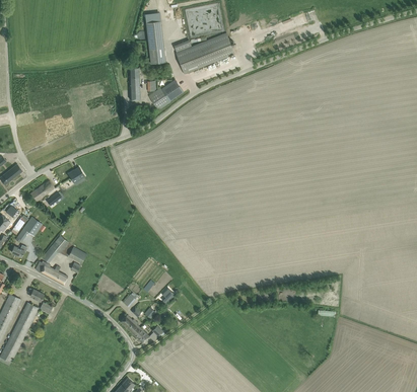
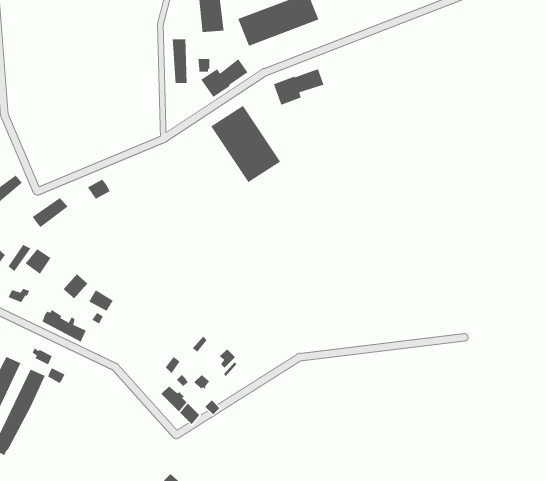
building: none -> [273,68,325,106]
building: none -> [210,105,281,183]

